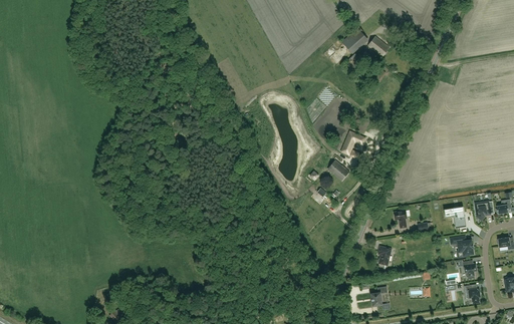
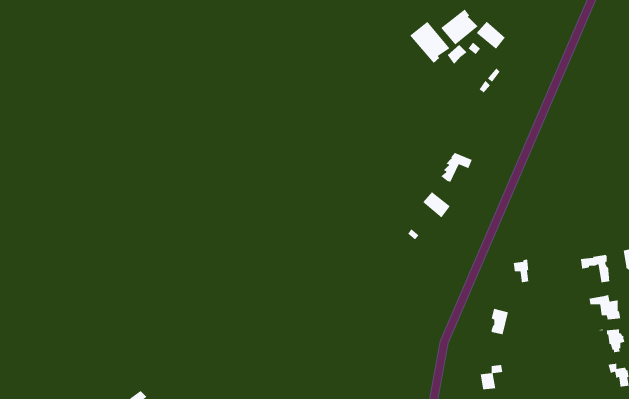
building: none -> [409,21,450,64]

